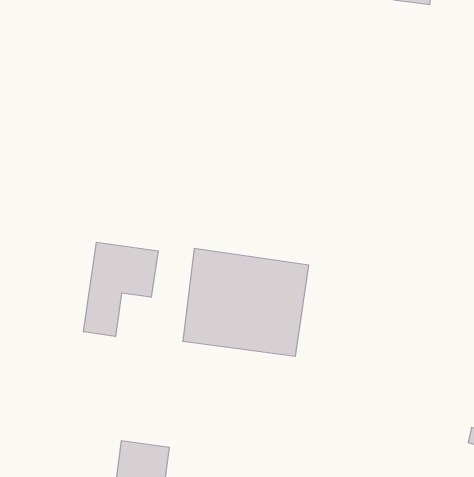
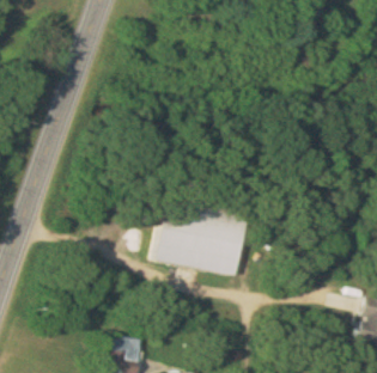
building: [84,242,158,337] -> none

